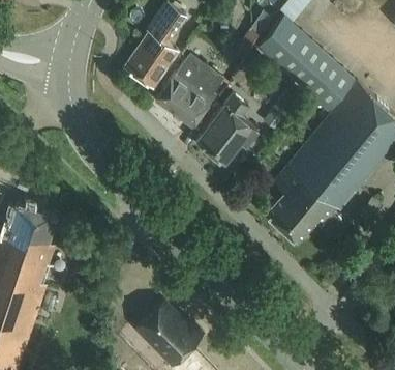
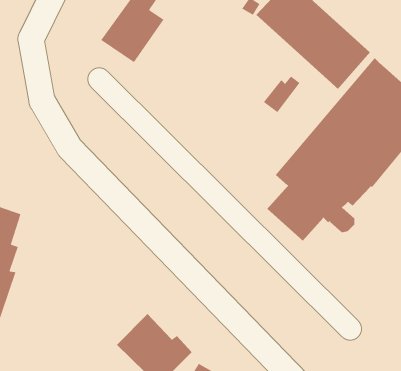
building: [156,56,224,126] -> none
building: [195,95,257,164] -> none

